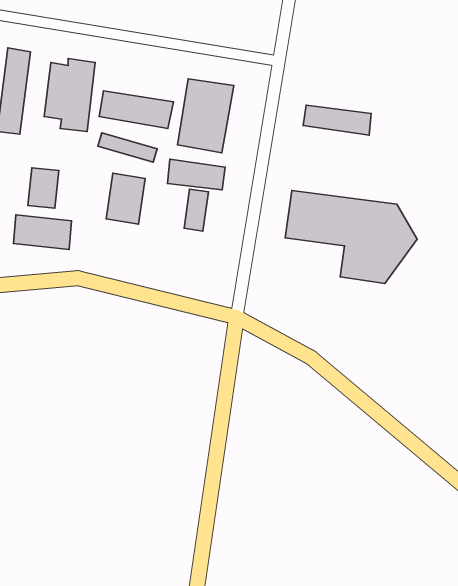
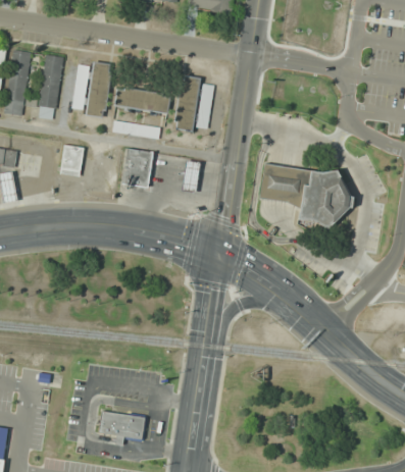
building: [303,105,371,135] -> none
building: [167,159,225,190] -> none
building: [13,215,71,249] -> none
building: none -> [98,410,147,440]

